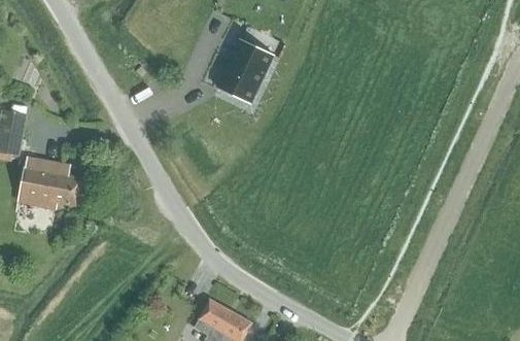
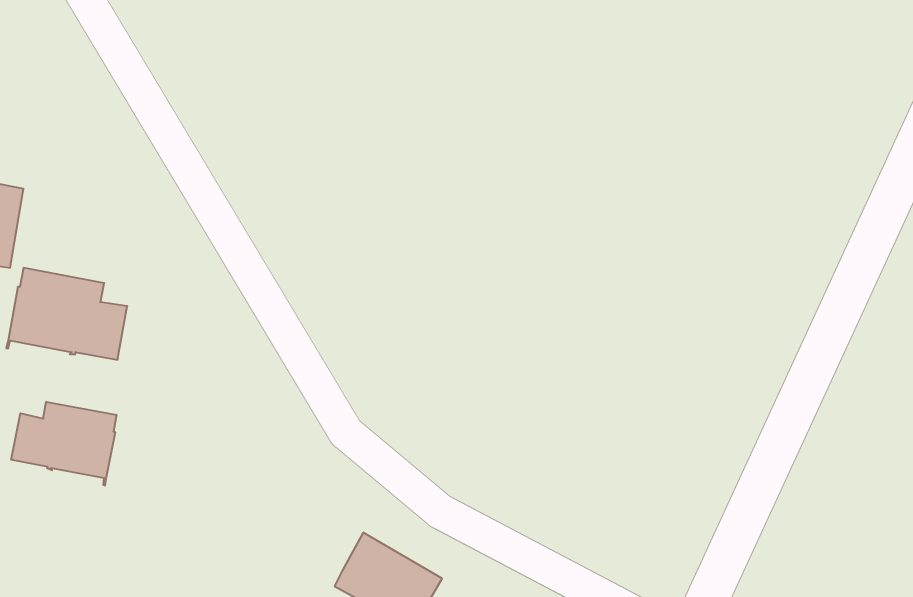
building: [219,39,272,102] -> none
building: none -> [11,402,116,486]

